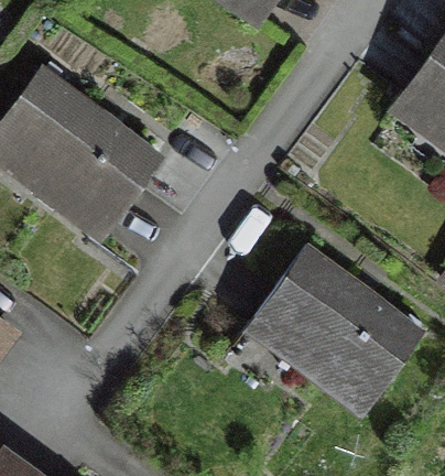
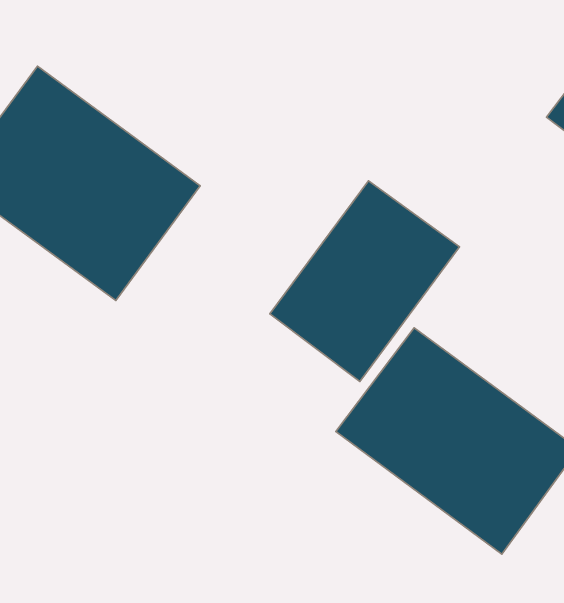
building: none -> [270,181,459,382]

